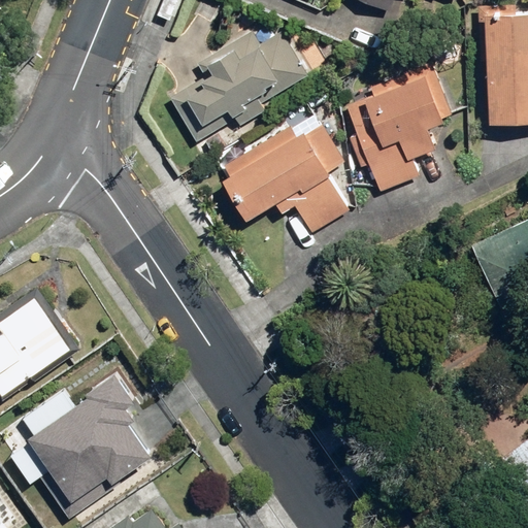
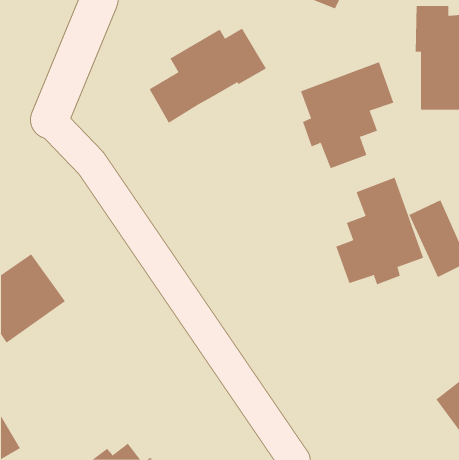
building: [218,125,349,233] -> none
building: none -> [335,177,424,285]
building: [31,371,151,510] -> none

